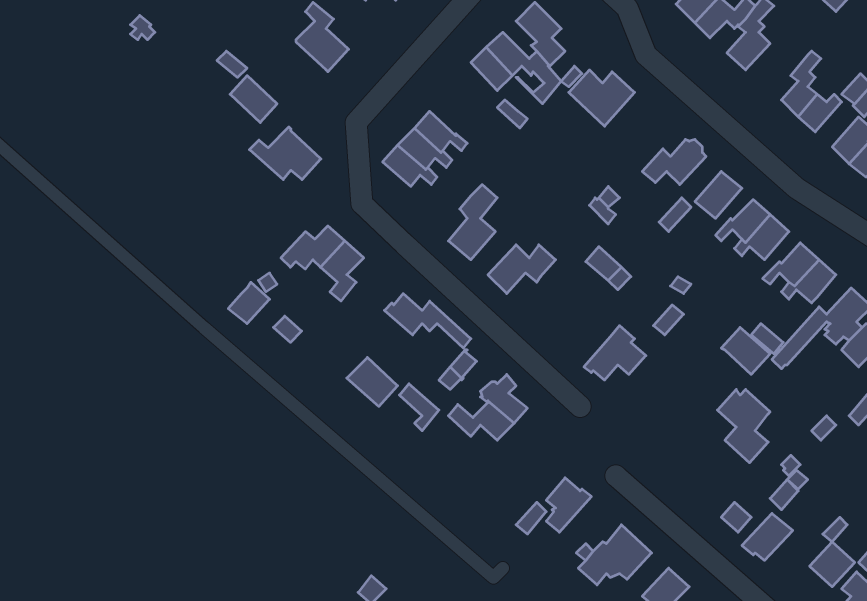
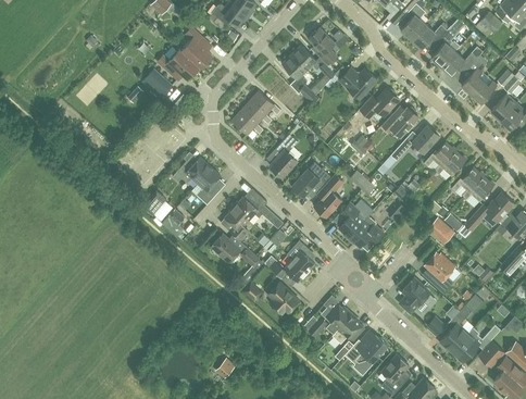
building: none -> [441,49,480,76]
building: none -> [360,88,399,117]
building: [249,127,321,180] -> [158,48,199,78]
building: none -> [314,173,343,216]
building: none -> [338,201,368,238]
building: none -> [225,205,249,240]
building: none -> [401,277,434,311]
building: none -> [268,280,297,312]
building: none -> [333,313,364,342]
building: none -> [452,327,483,362]

